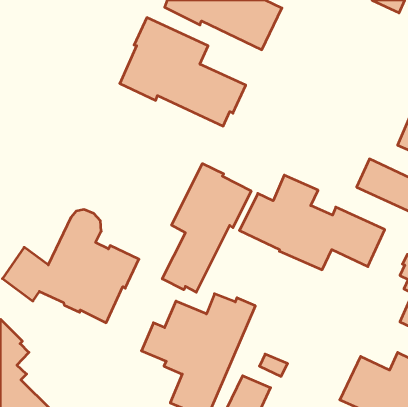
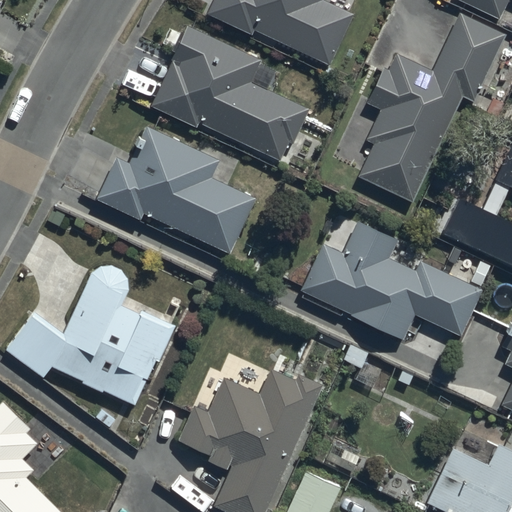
building: none -> [358,14,507,201]
building: none -> [96,125,255,254]
building: [162,164,251,292] -> none

